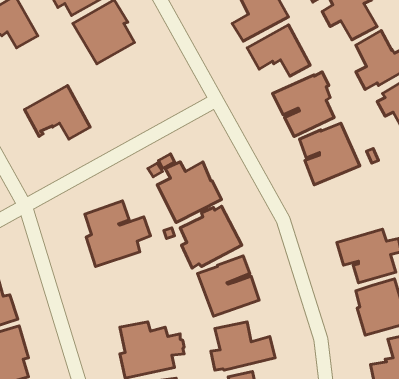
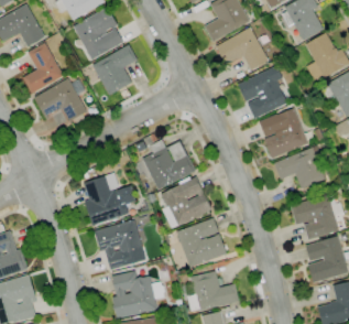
building: none -> [23,42,64,94]
building: none -> [91,44,139,96]
building: none -> [274,145,330,188]
building: none -> [95,219,145,270]

